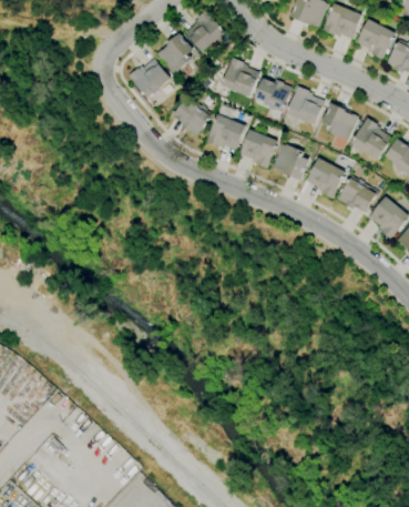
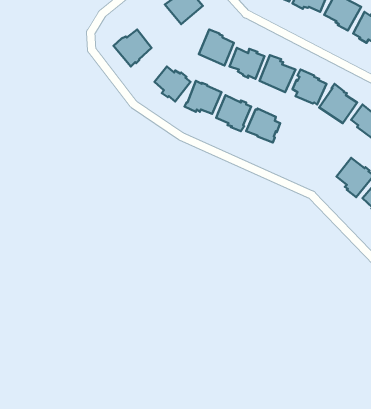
building: [156,33,193,73] -> none
building: [307,159,345,200] -> none
building: [337,168,376,213] -> none

